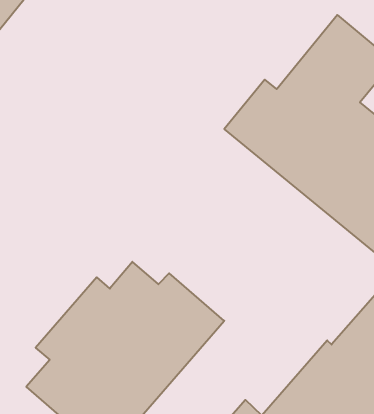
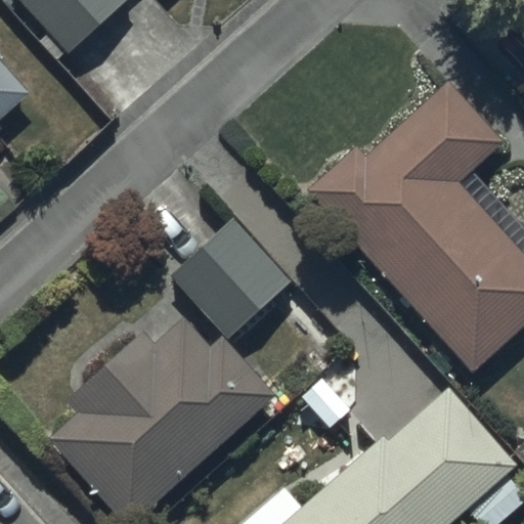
building: none -> [168,214,290,337]

